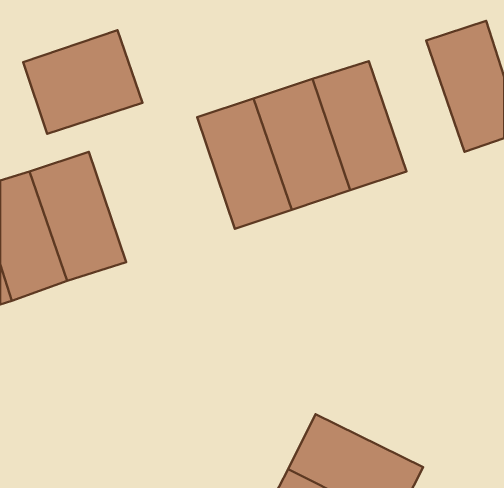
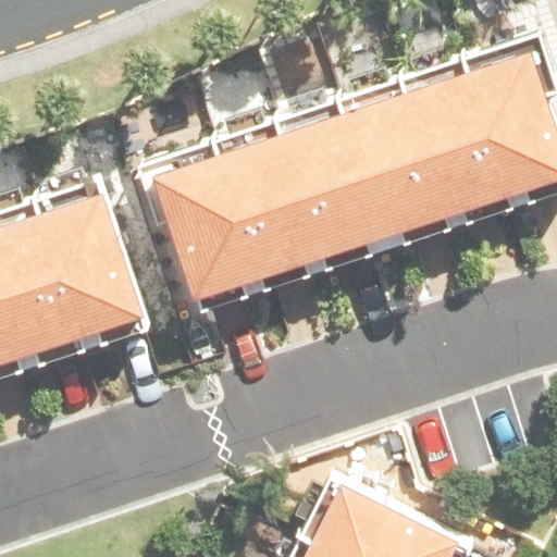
building: [23,30,142,134] -> none
building: none -> [407,62,512,207]
building: none -> [156,147,259,290]

